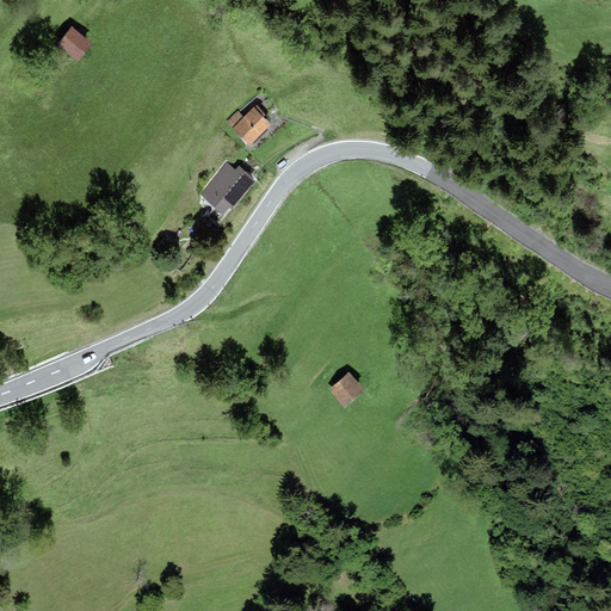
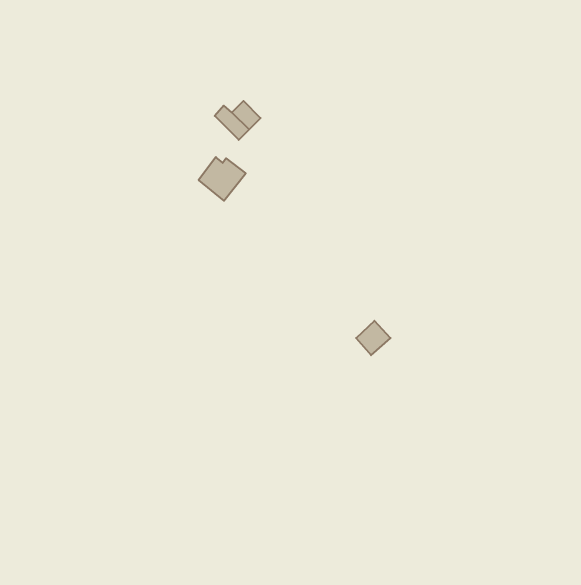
building: [55,26,91,61] -> none
building: [328,371,364,407] -> [356,321,391,355]

